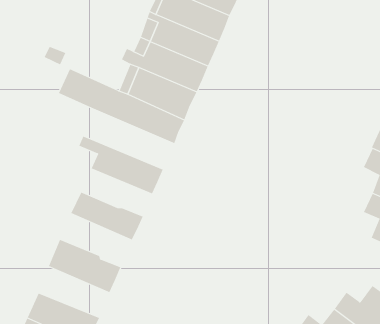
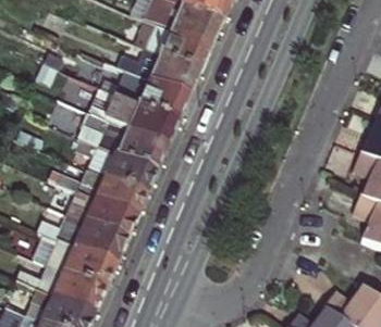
building: none -> [77,111,170,171]
building: none -> [48,168,148,216]
building: none -> [58,213,128,265]
building: none -> [16,264,107,314]

